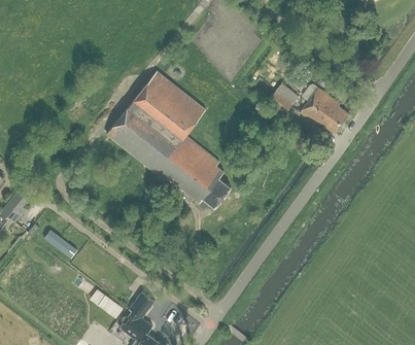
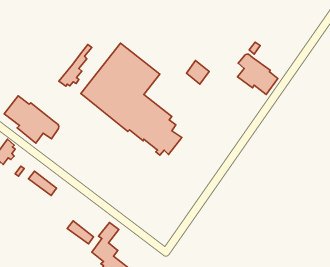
building: none -> [59,44,92,86]
building: [269,83,297,112] -> [186,60,209,84]
building: none -> [4,96,59,143]

